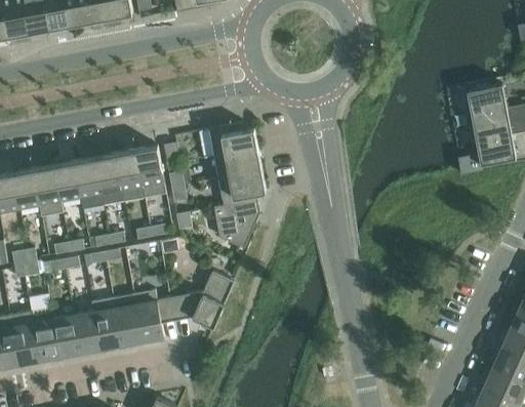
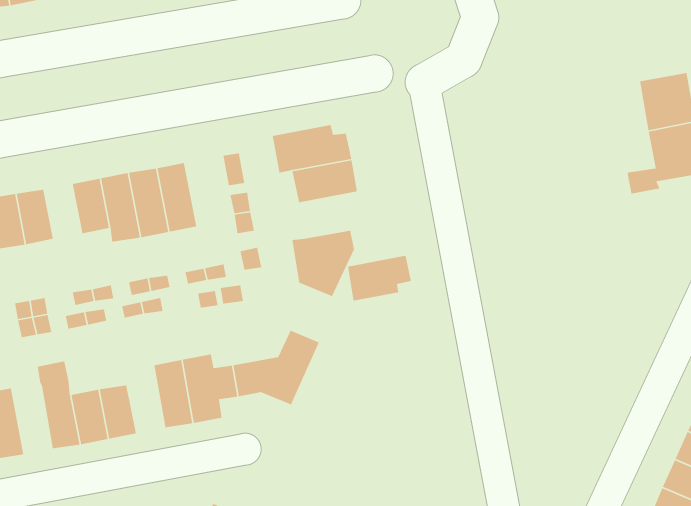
building: [135,147,165,198] -> none
building: [33,166,63,217] -> none
building: [218,172,266,206] -> [347,255,412,301]
building: [91,298,121,349] -> none
building: [9,312,39,364] -> none

